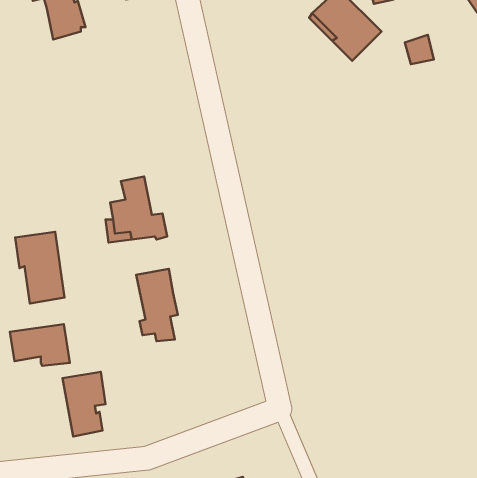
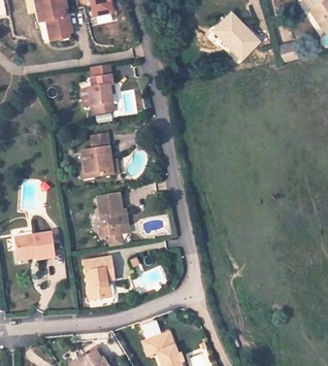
building: none -> [83,77,106,115]
building: [15,232,64,304] -> none
building: [62,372,106,437] -> [88,261,117,304]

